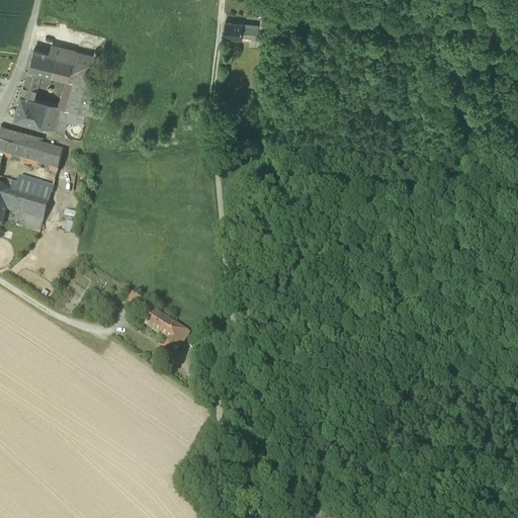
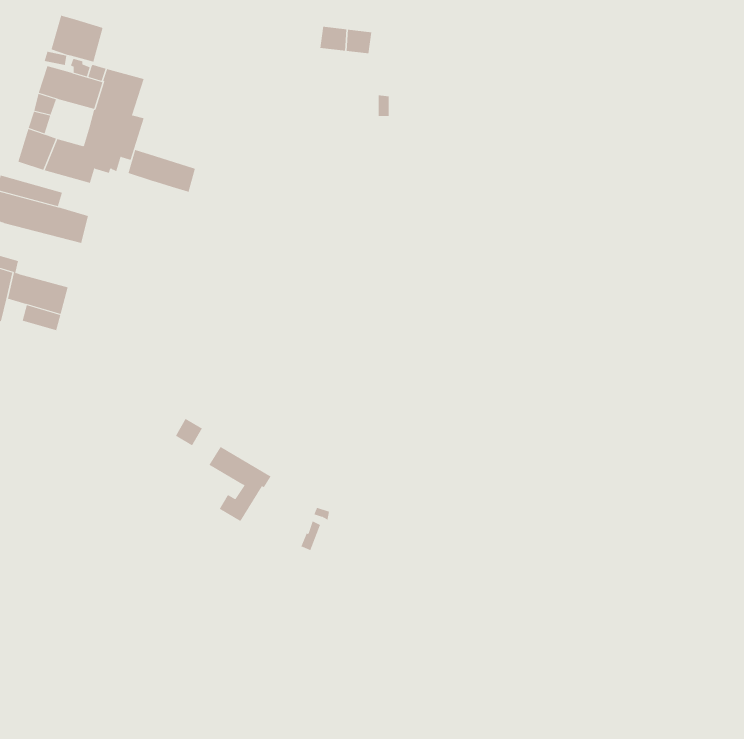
building: none -> [51,15,103,63]
building: none -> [128,149,196,193]
building: [14,175,52,199] -> none

